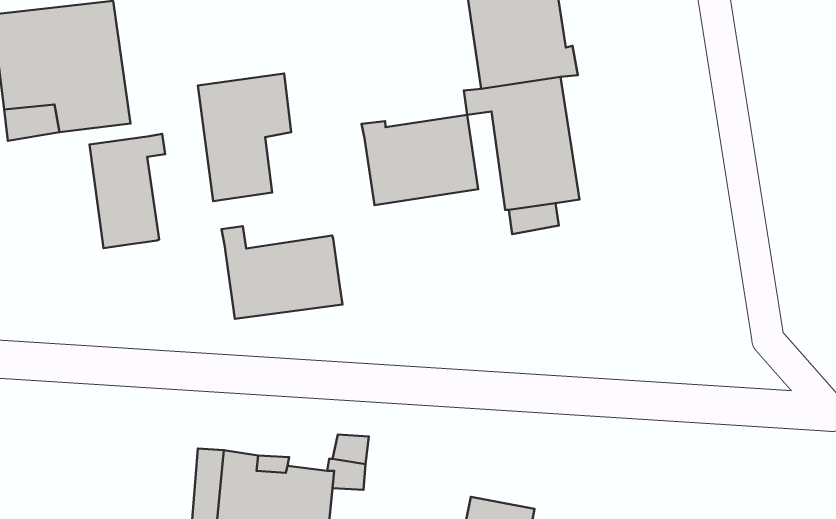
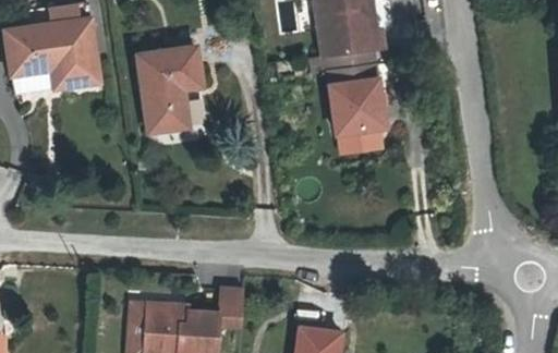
building: [361,115,478,205] -> none
building: [90,134,165,248] -> none
building: [222,226,343,319] -> none

